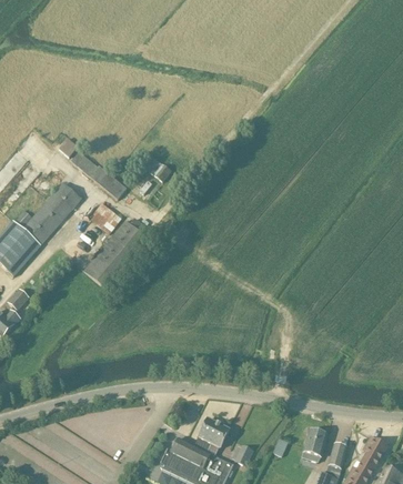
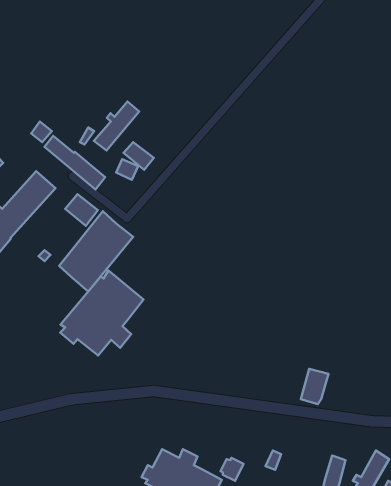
building: none -> [94,101,139,151]
building: none -> [60,270,144,356]
building: [198,419,229,455] -> none
building: [302,430,328,462] -> [301,369,329,404]

